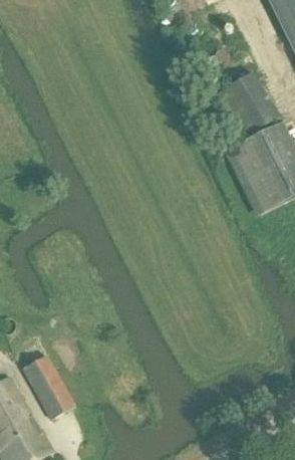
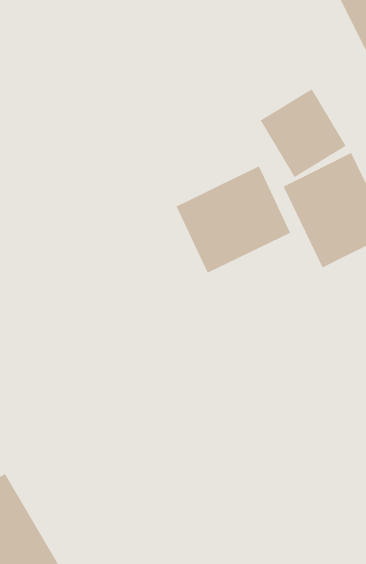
building: none -> [176,166,291,274]
building: [22,355,73,417] -> none

